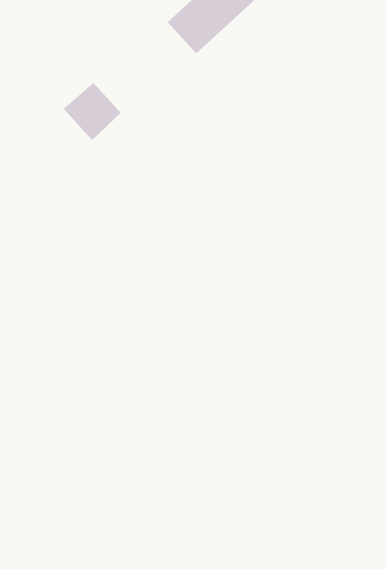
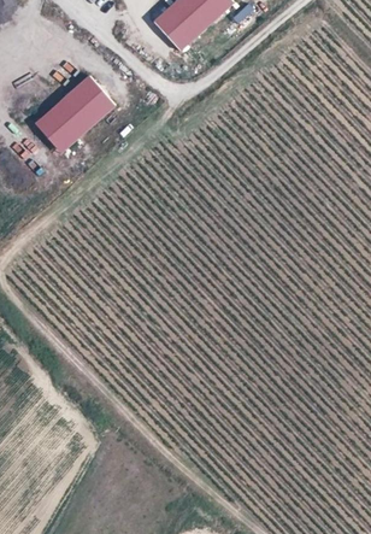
building: none -> [34,100,87,153]

